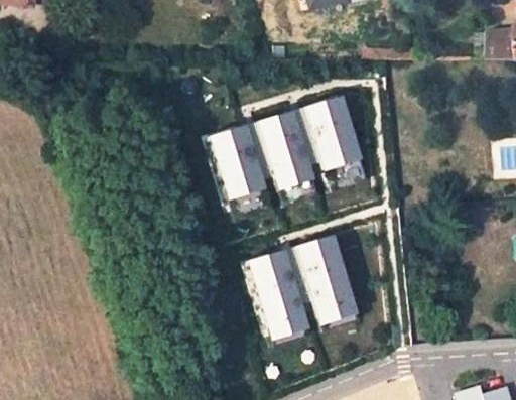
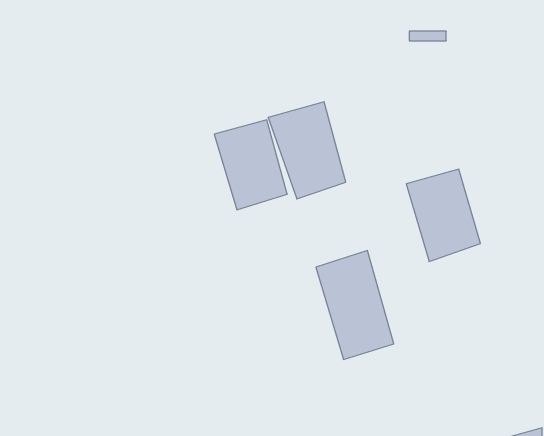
building: [299,95,362,172] -> [406,169,480,262]
building: [246,249,310,339] -> none

